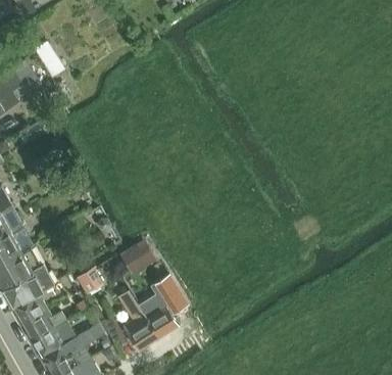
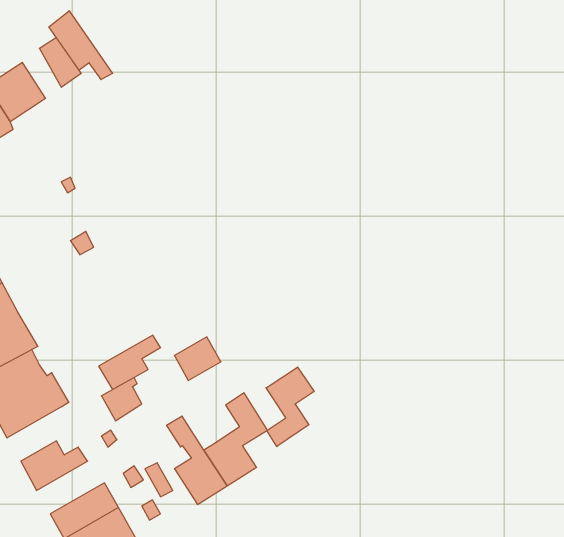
building: none -> [49,11,113,80]
building: none -> [266,367,314,447]
building: [14,287,55,323] -> [99,335,161,390]
building: [34,323,77,358] -> none

